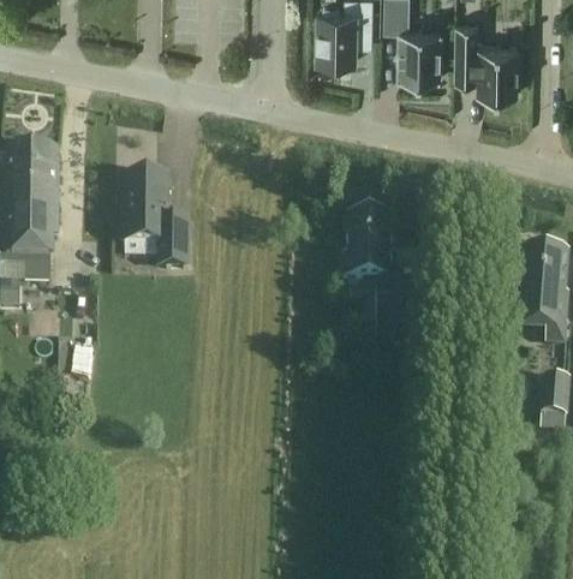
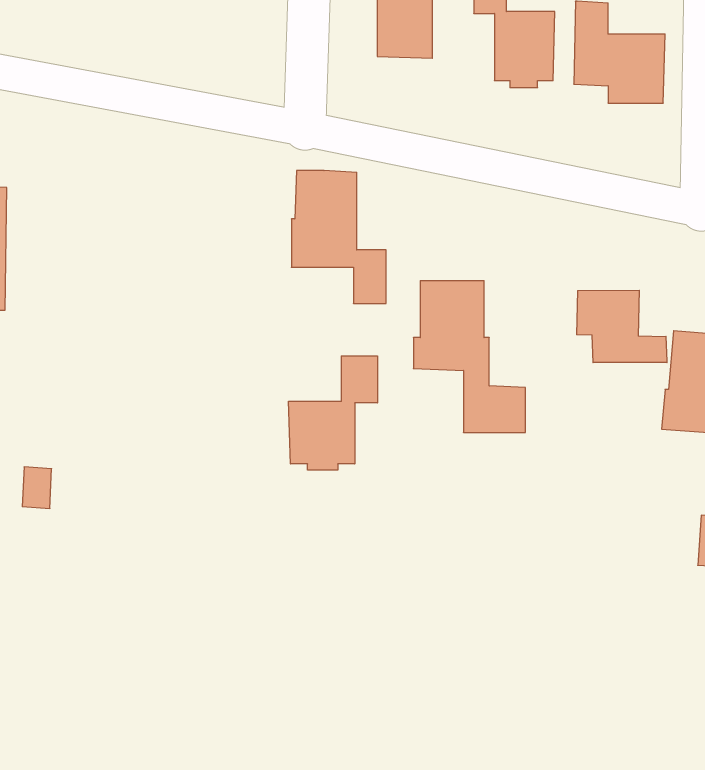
building: [123,179,189,271] -> [291,171,386,303]
building: none -> [577,290,667,363]
building: none -> [289,356,377,470]

